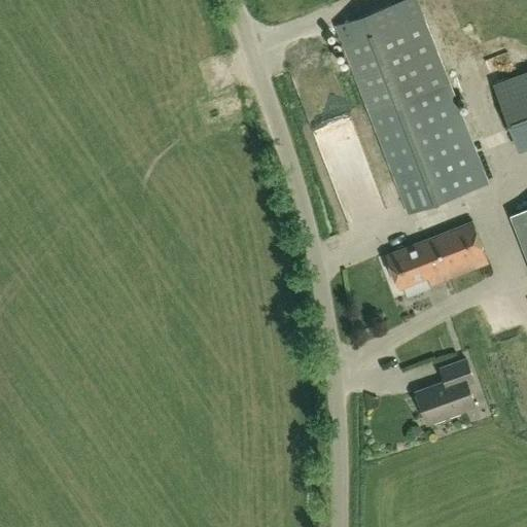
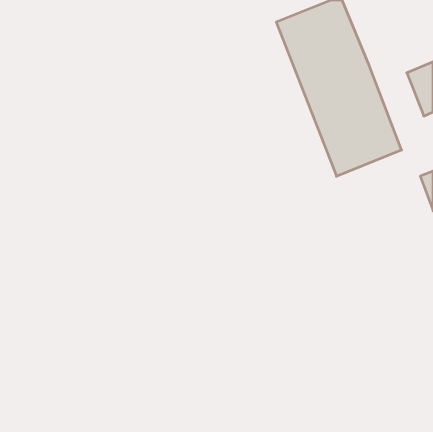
building: [387,222,489,290] -> none
building: [417,360,476,423] -> none

